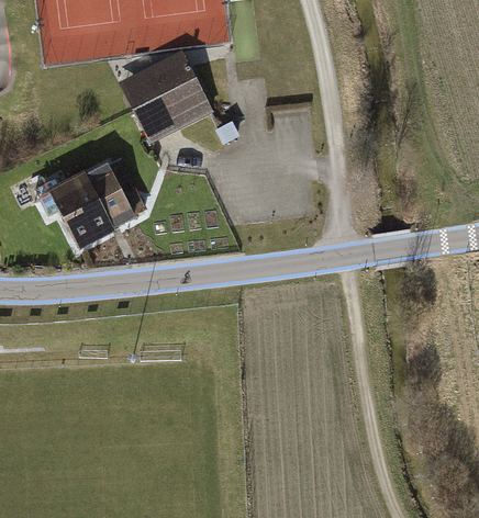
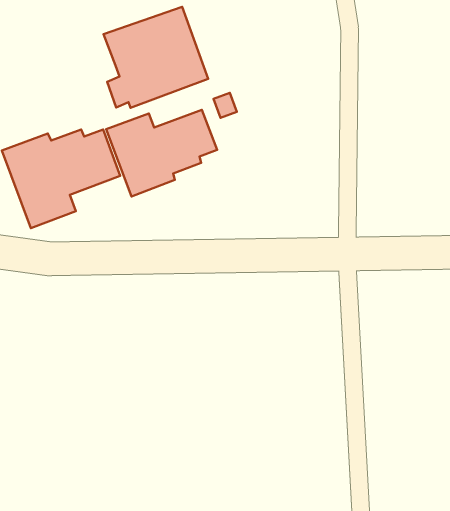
building: none -> [106,110,217,196]

